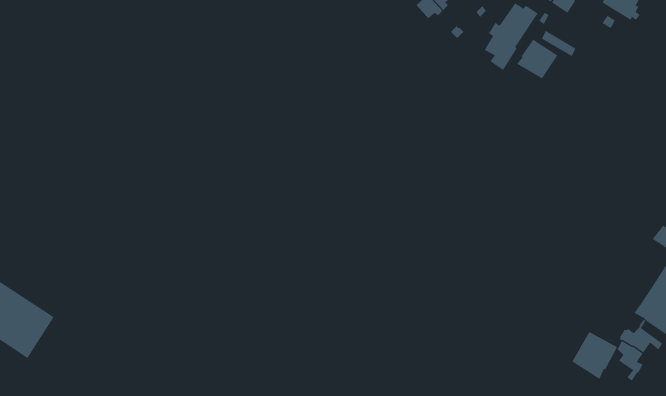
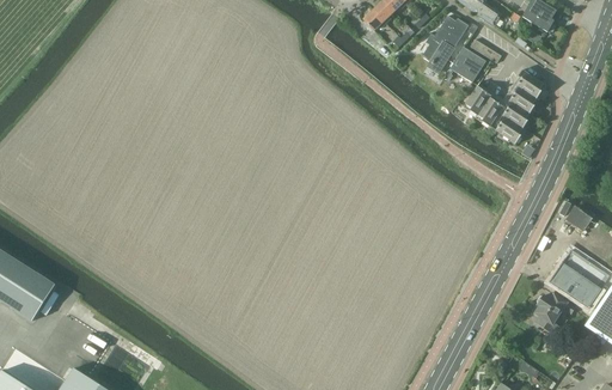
building: none -> [465,72,543,144]
building: [572,331,618,380] -> none

